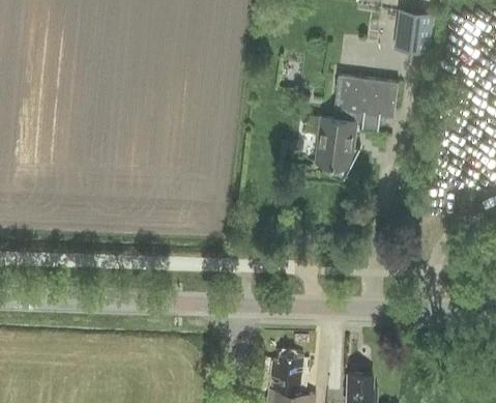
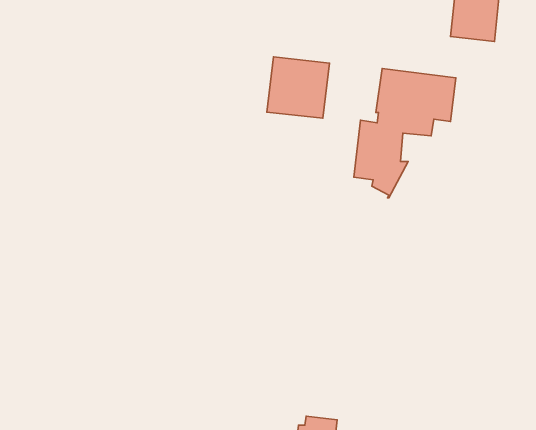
building: none -> [267,57,329,118]

